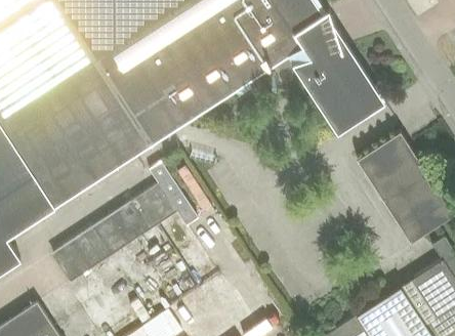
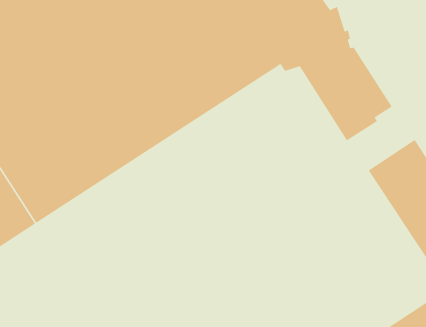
building: [53,161,199,280] -> none

